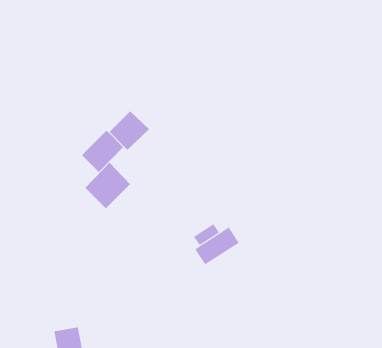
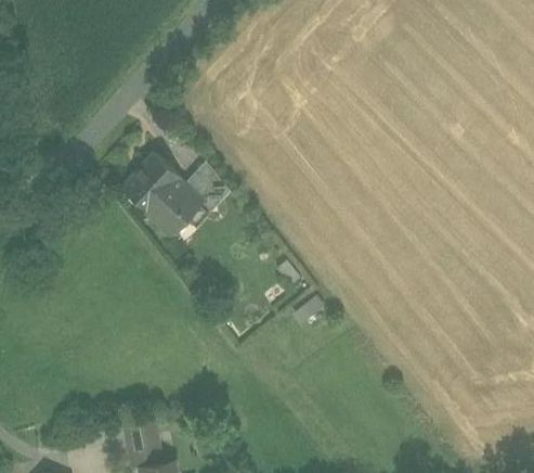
building: [85,162,131,209] -> [126,157,182,215]
building: [195,227,240,265] -> none

